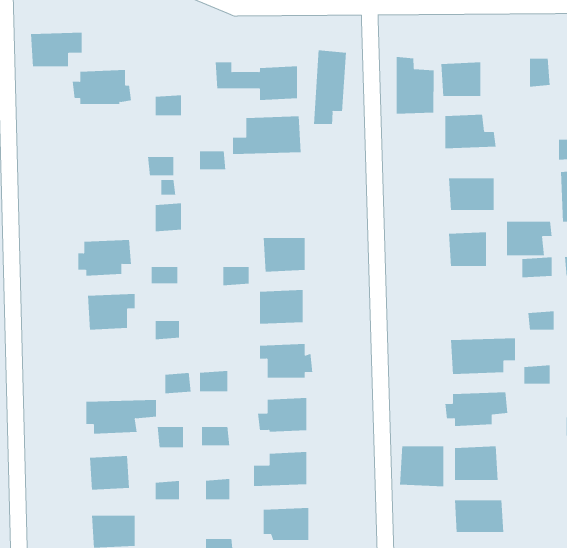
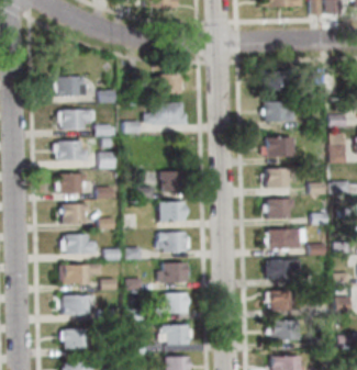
building: [30,32,82,67] -> [60,109,90,128]
building: [314,49,346,125] -> none
building: [396,56,434,114] -> none
building: none -> [57,141,87,160]
building: [506,221,553,256] -> [267,199,293,218]
building: none -> [60,234,93,254]
building: [399,445,444,487] -> none

